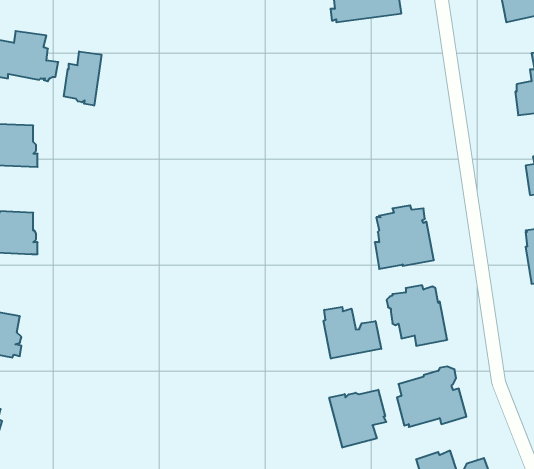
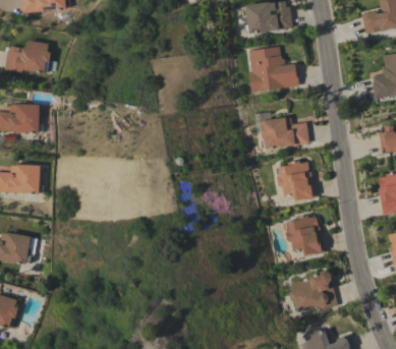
building: none -> [248,46,299,93]
building: [64,51,101,106] -> none
building: none -> [254,112,309,149]
building: [324,307,381,359] -> none
building: [329,390,386,448] -> none

